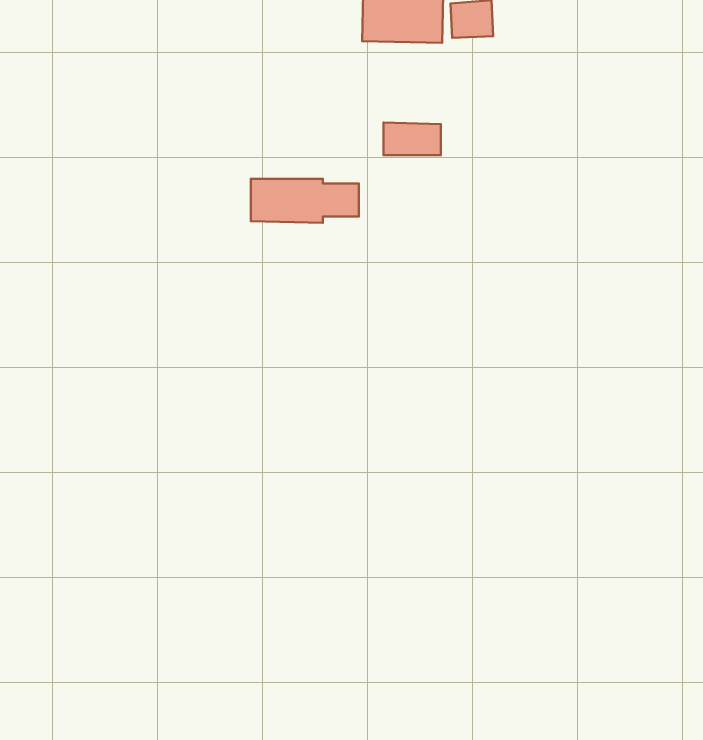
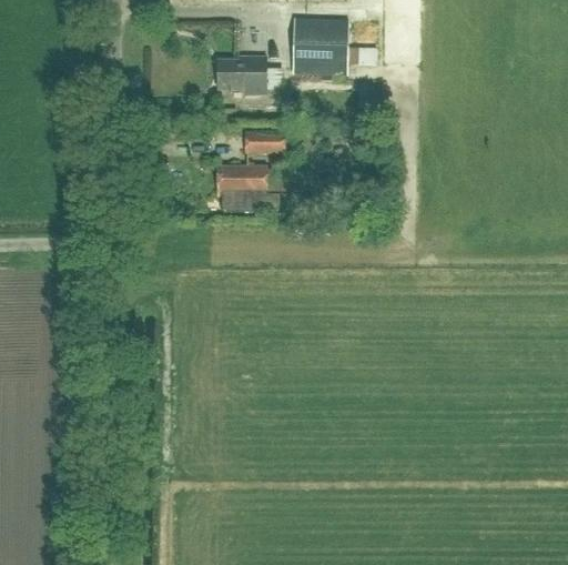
building: none -> [217,56,266,93]
building: [384,123,441,155] -> [245,130,284,152]

